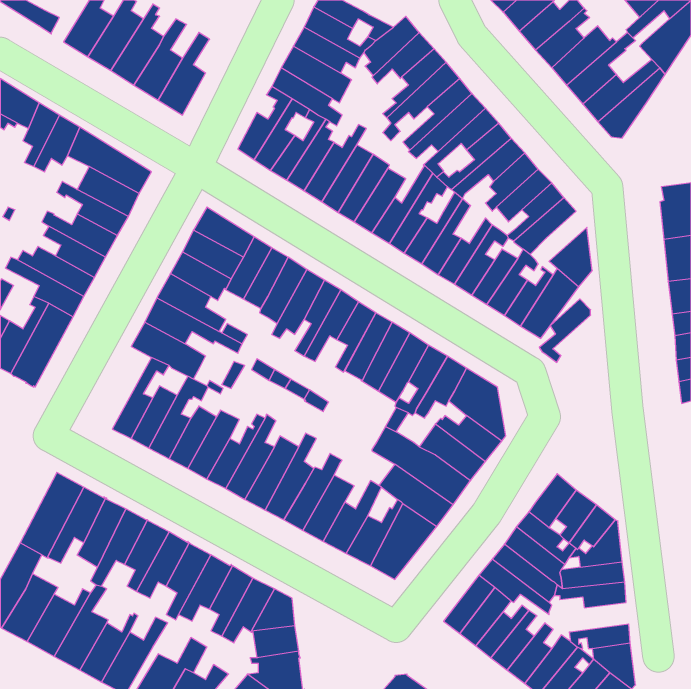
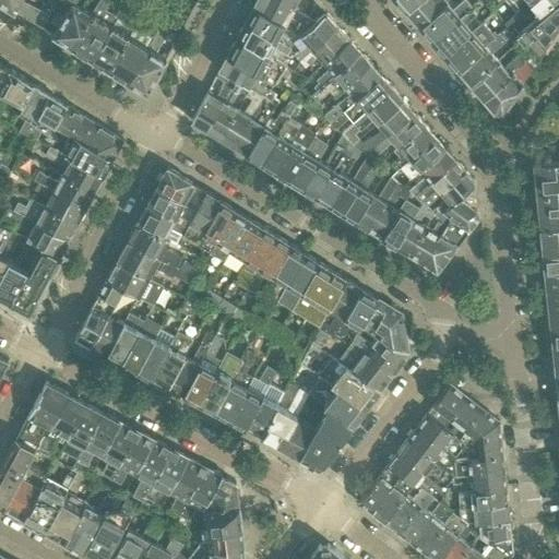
building: [539,299,591,362] -> [432,173,474,224]
building: none -> [75,282,122,348]
building: none -> [459,488,508,512]

